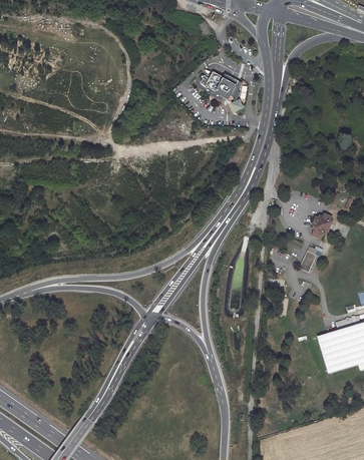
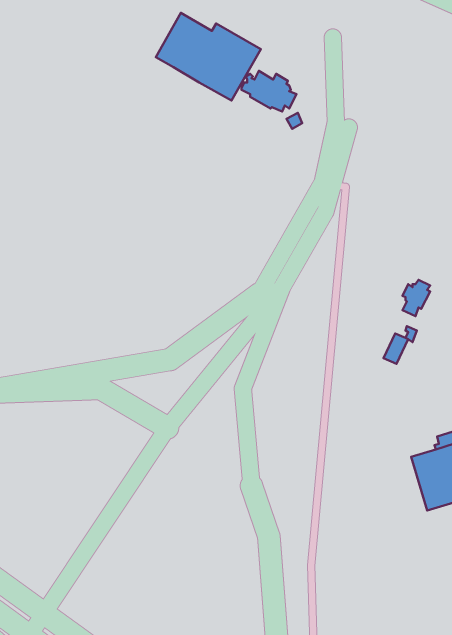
building: none -> [156,13,261,100]

